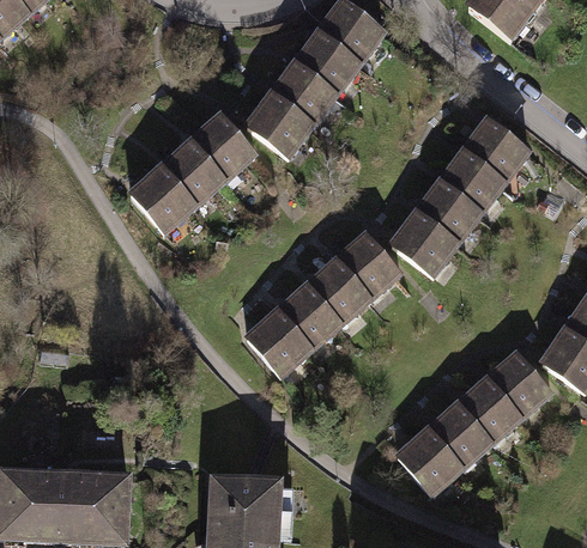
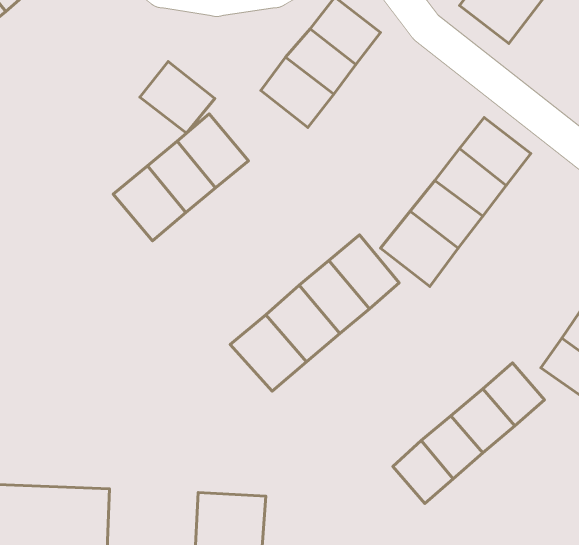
building: [243,89,316,158] -> [140,62,215,133]

